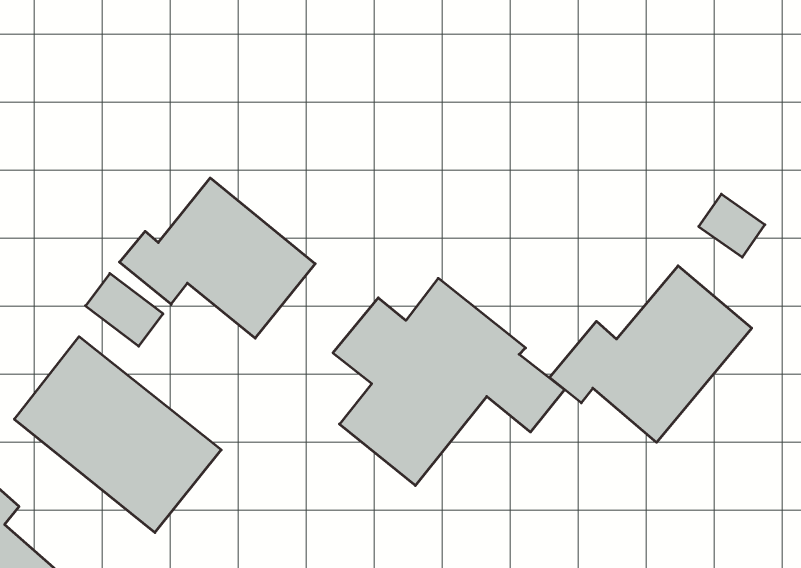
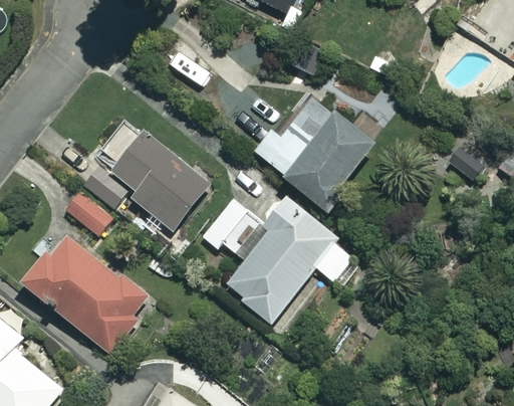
building: none -> [253,95,373,209]
building: [550,266,752,442] -> none

